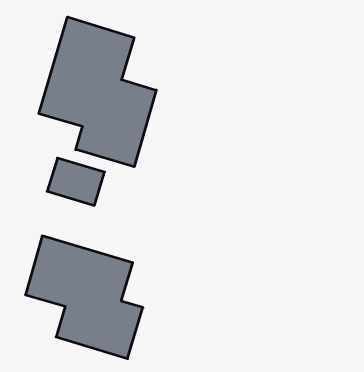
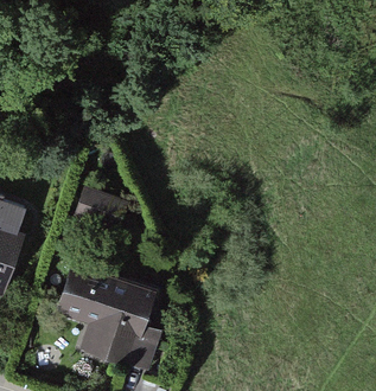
building: [39,17,156,167] -> none

